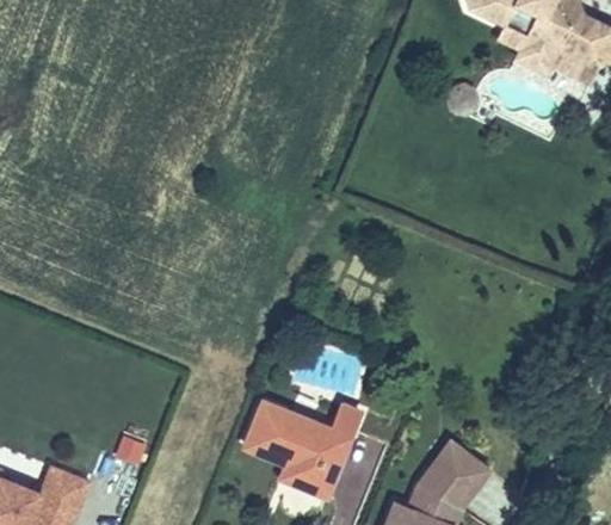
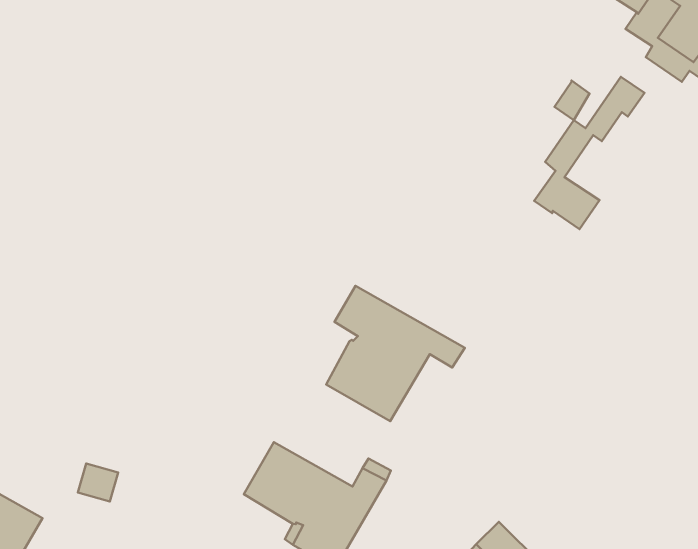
building: none -> [534,77,645,229]
building: none -> [326,286,465,421]

